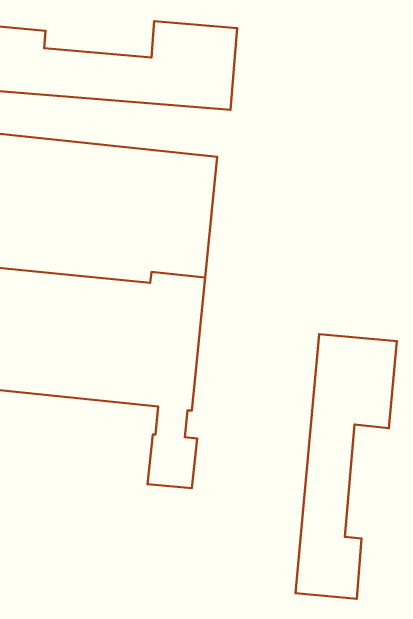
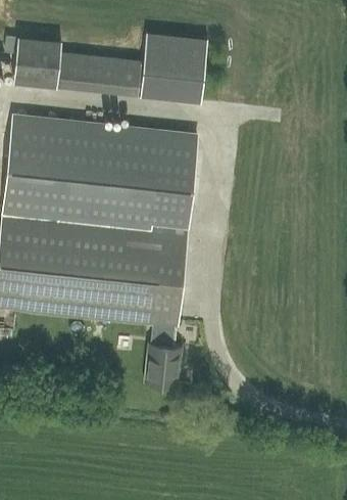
building: [296,334,397,599] -> none

